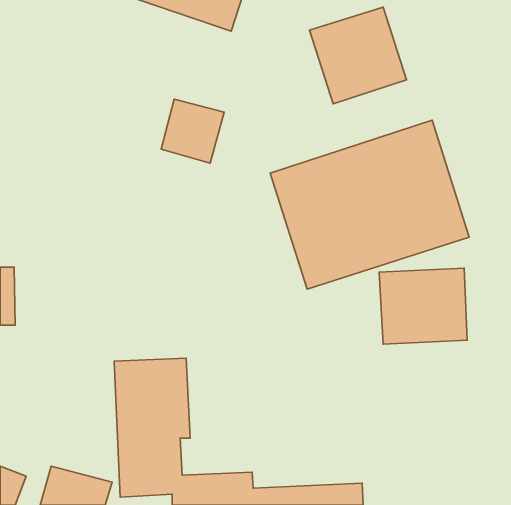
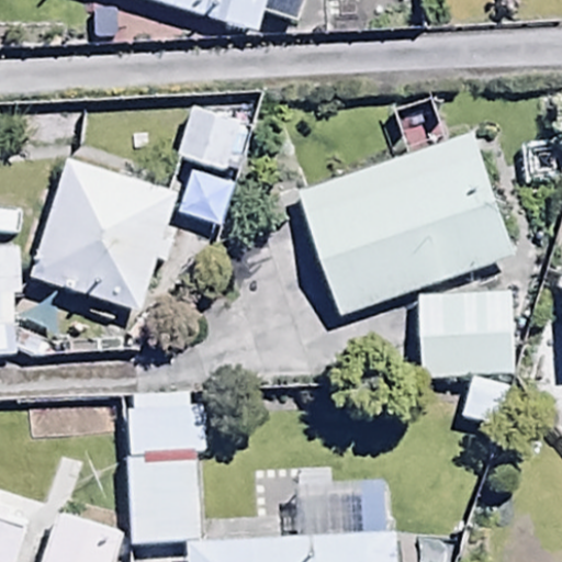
building: [310,7,407,104] -> none
building: none -> [31,159,179,312]

